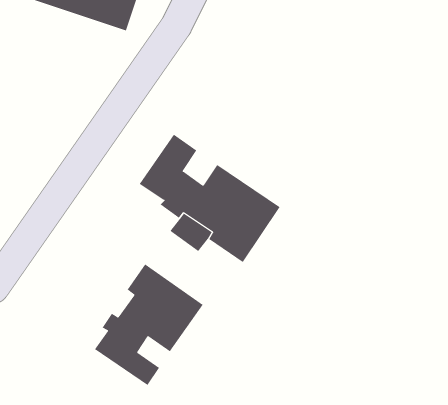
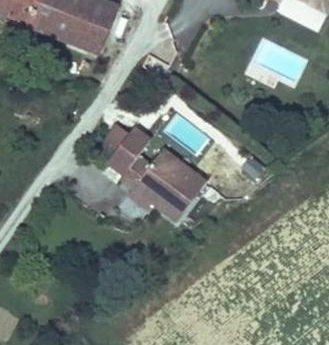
building: [94,264,204,386] -> none

